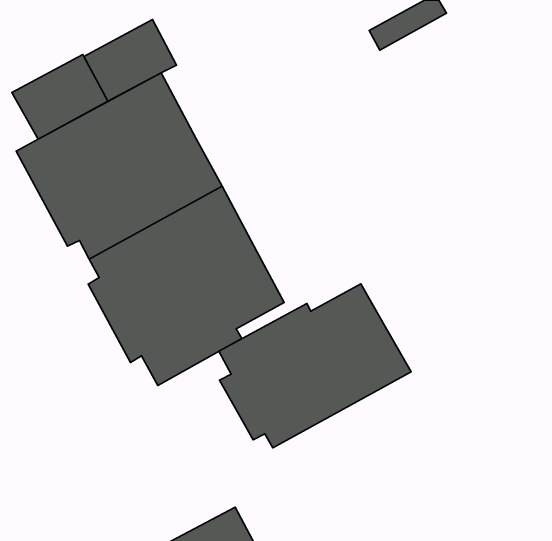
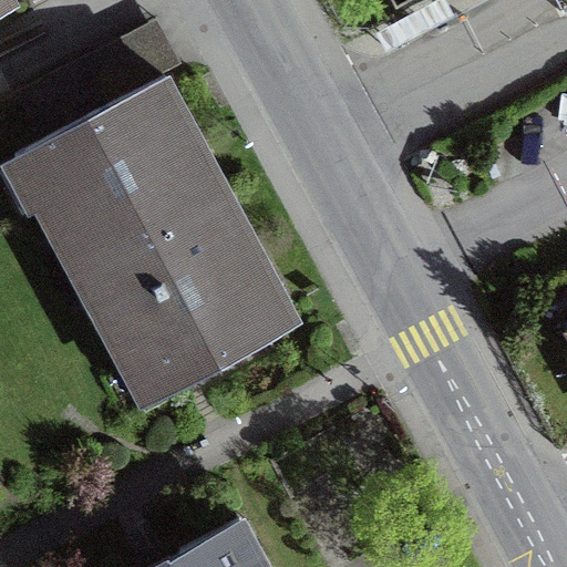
building: [219,284,411,448] -> none

